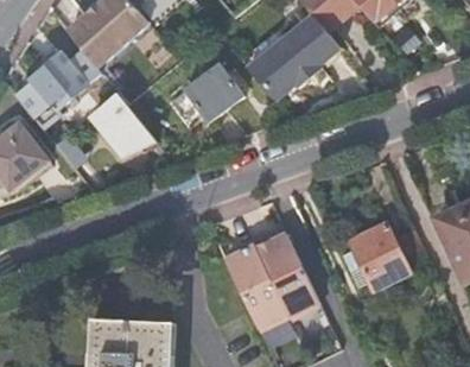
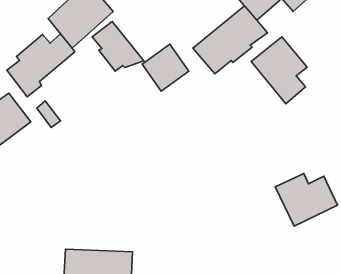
building: none -> [251,37,307,104]
building: [93,93,157,154] -> [92,22,144,71]
building: [223,233,320,333] -> none

